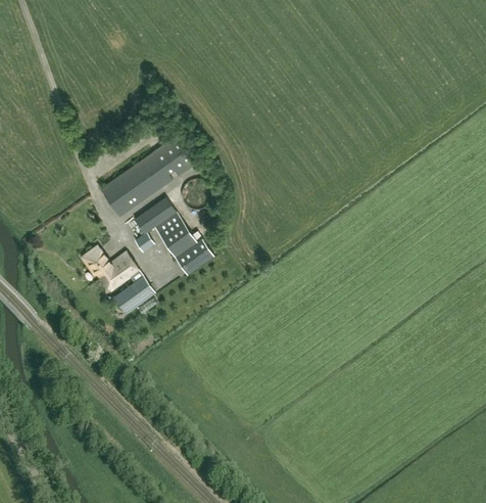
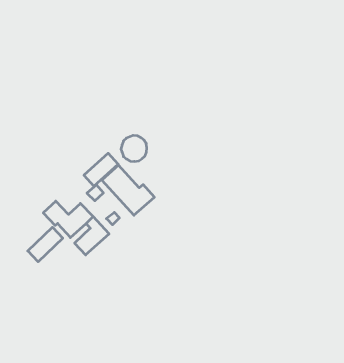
building: [100,136,195,217] -> none
building: none -> [28,227,63,262]

